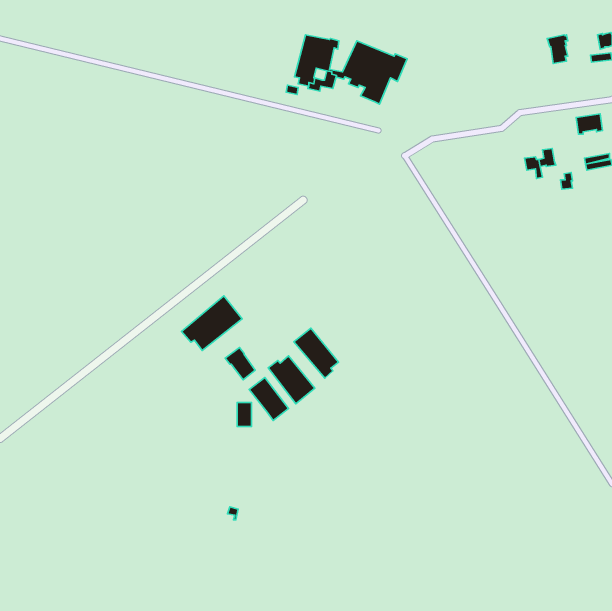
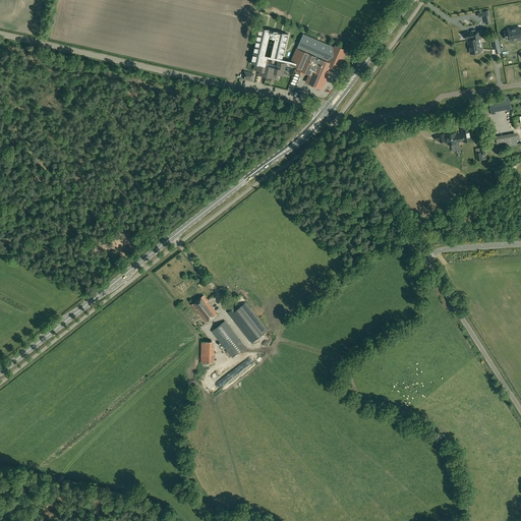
building: [182,296,242,351] -> none
building: [294,328,338,378] -> none

